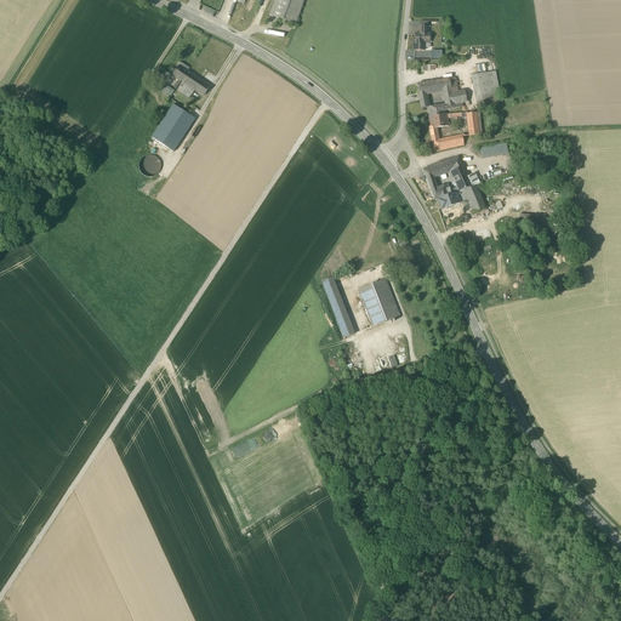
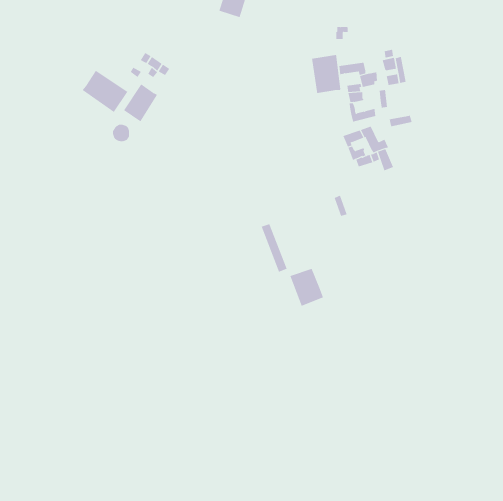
building: none -> [311,54,341,94]
building: none -> [82,70,128,113]
building: [358,278,400,325] -> [290,268,324,306]

